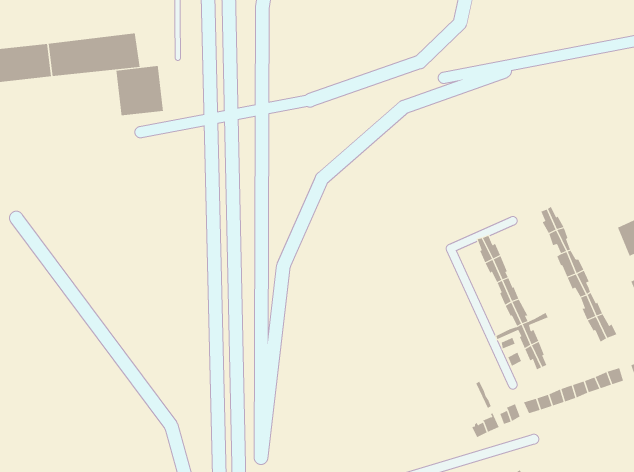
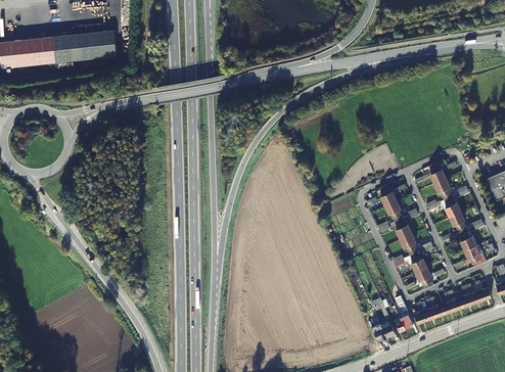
building: [116,65,164,116] -> none

